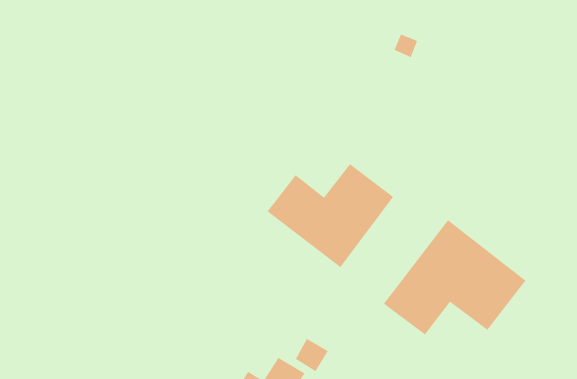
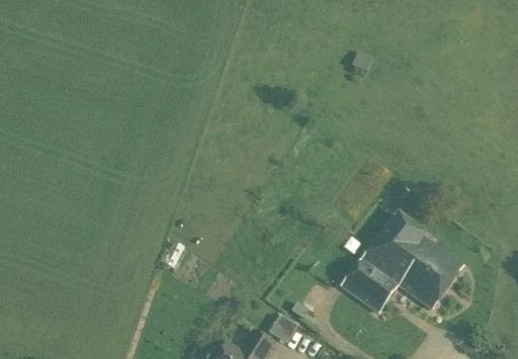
building: [267,163,394,268] -> none

